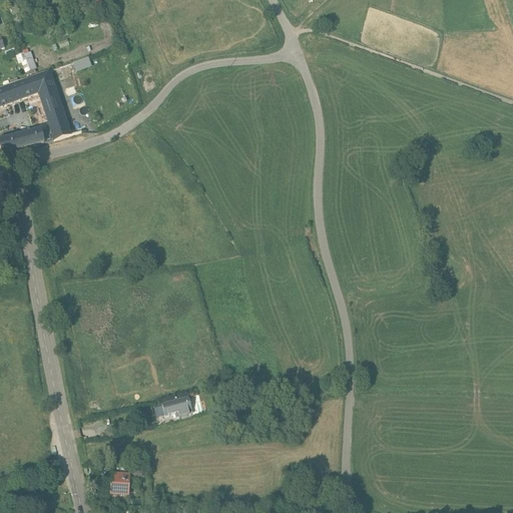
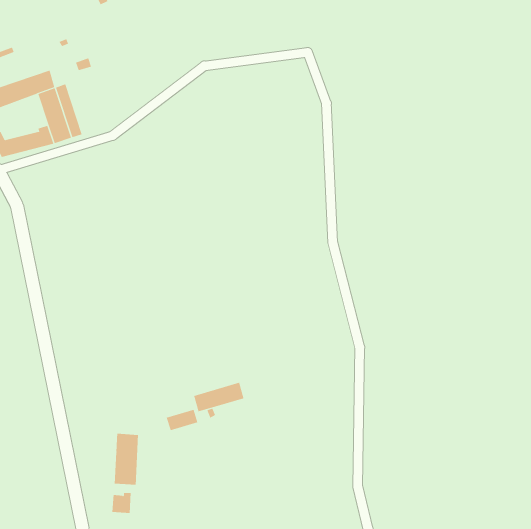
building: none -> [194,382,244,412]
building: none -> [114,433,139,486]

